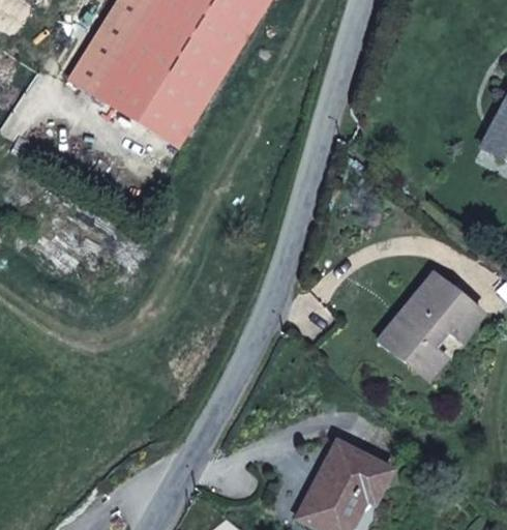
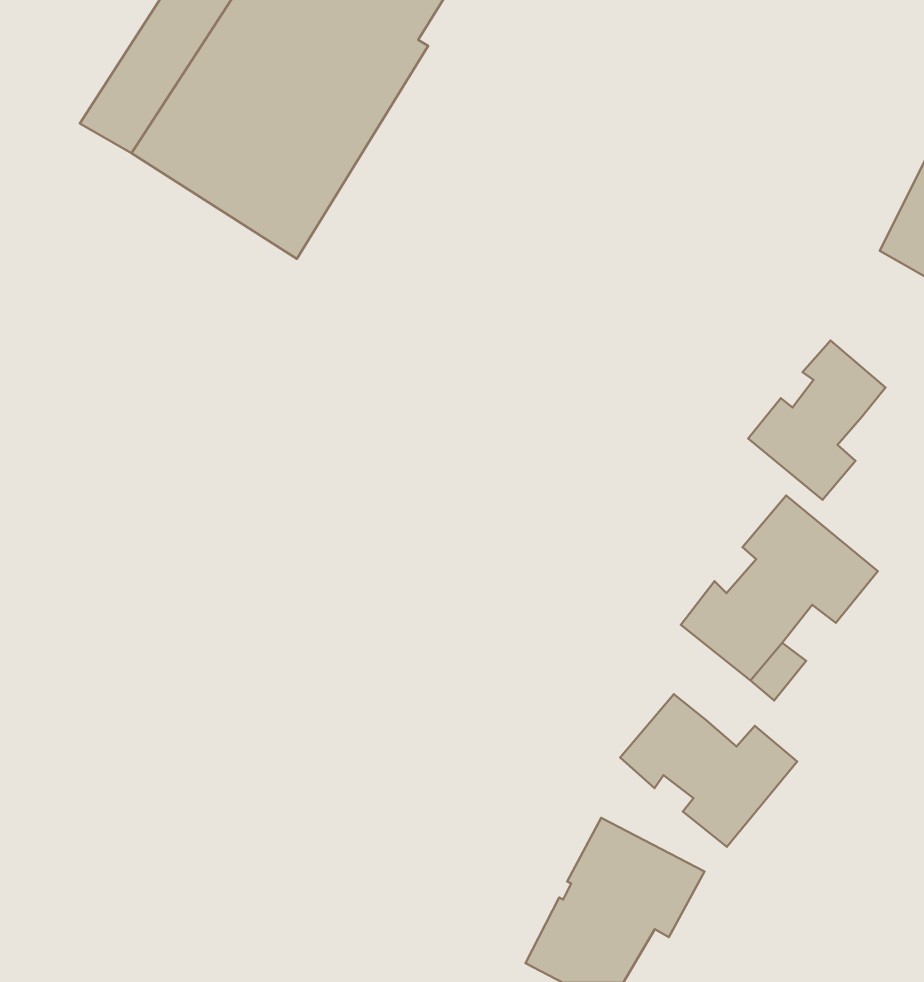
building: none -> [748,340,886,500]
building: none -> [620,694,797,847]

